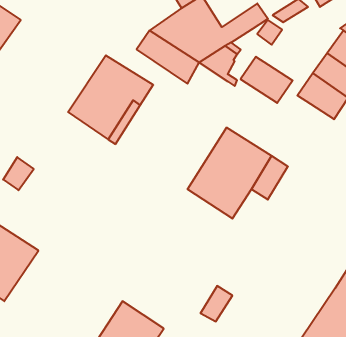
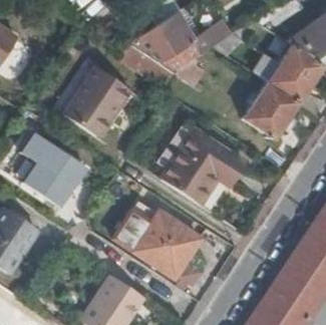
building: [241,57,293,103] -> [243,99,287,138]
building: none -> [21,130,87,206]
building: none -> [114,210,201,277]

